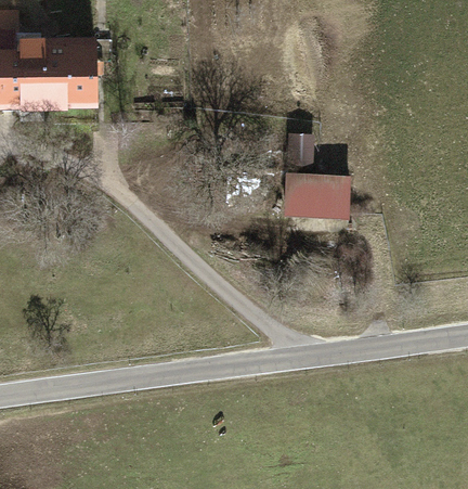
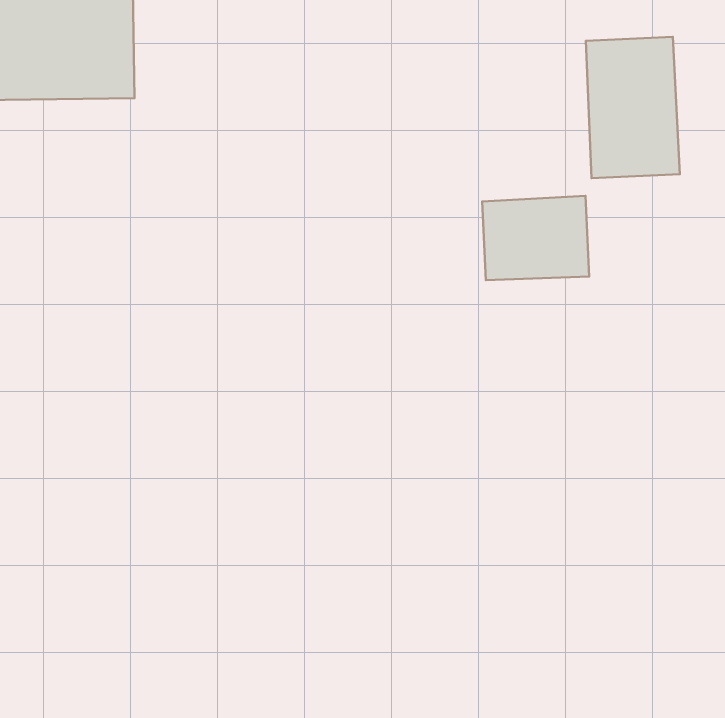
building: none -> [586,37,680,178]

